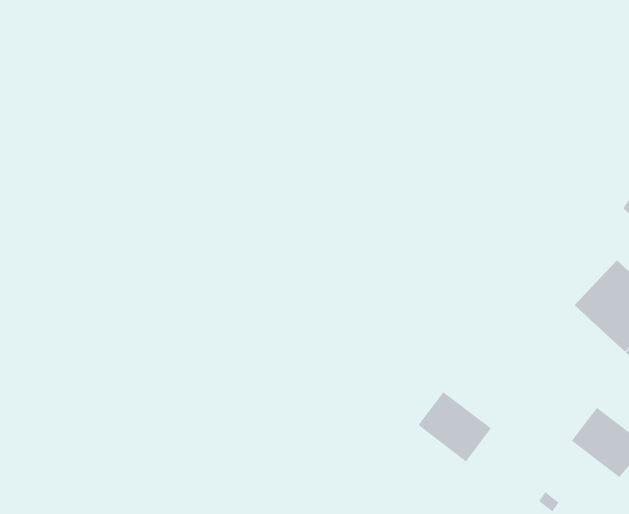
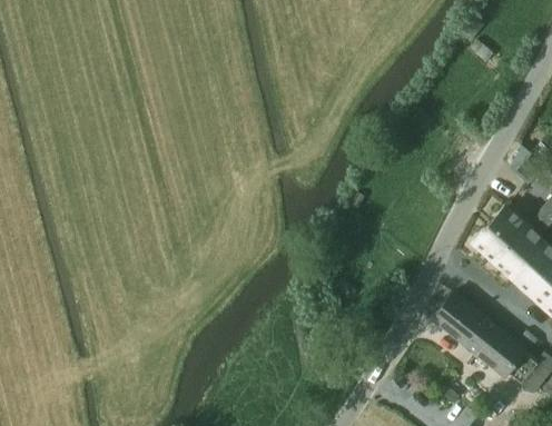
building: [417,391,492,462] -> [433,291,491,347]

